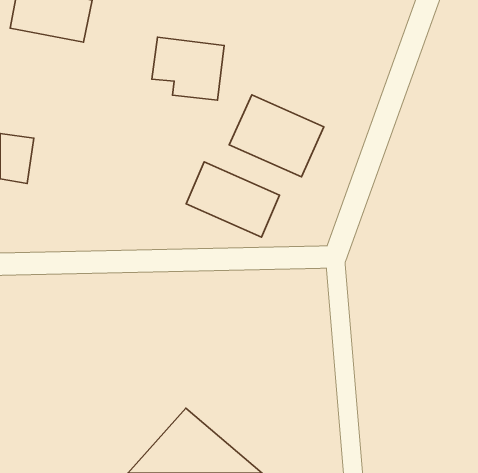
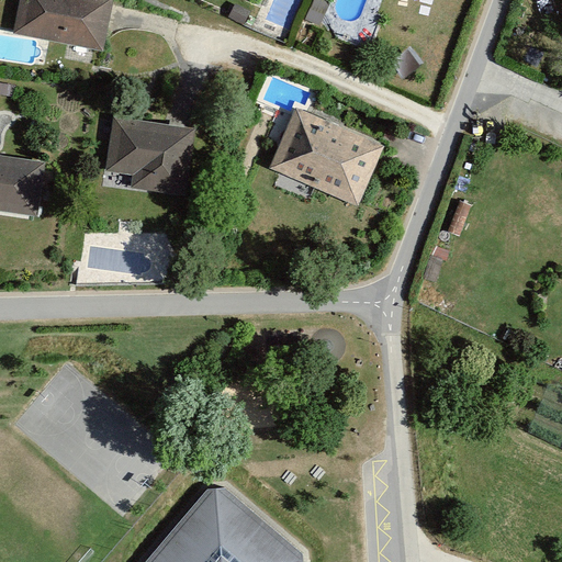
building: [152,37,224,100] -> [106,120,191,193]
building: [186,162,279,237] -> none

